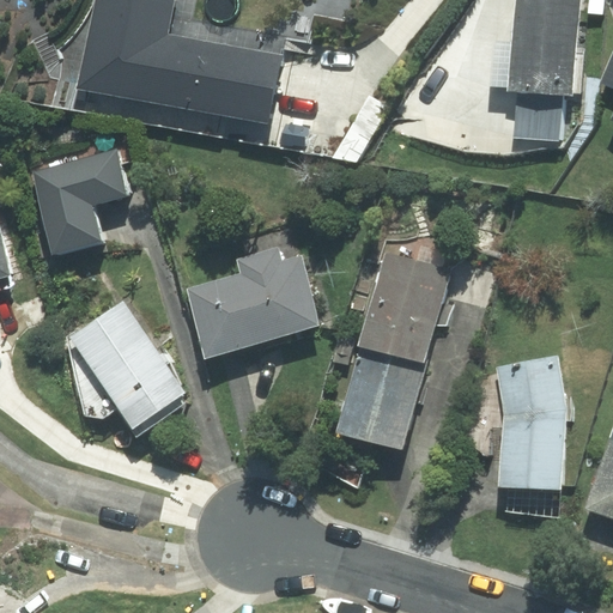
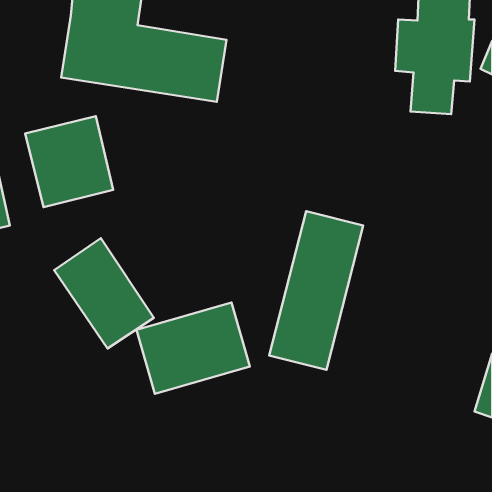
building: [183,251,323,364] -> [137,303,250,394]
building: [465,359,559,497] -> none

